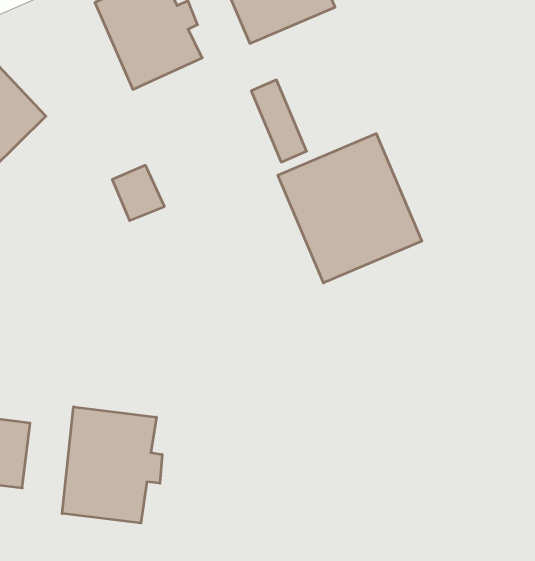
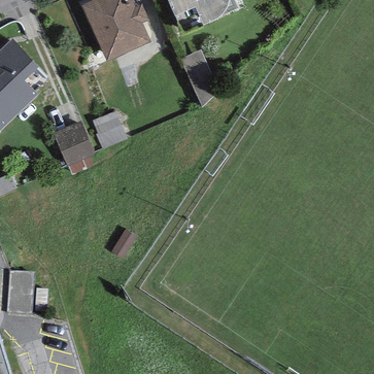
building: [278,134,422,283] -> none
building: none -> [50,120,93,164]
building: [62,407,162,523] -> none

